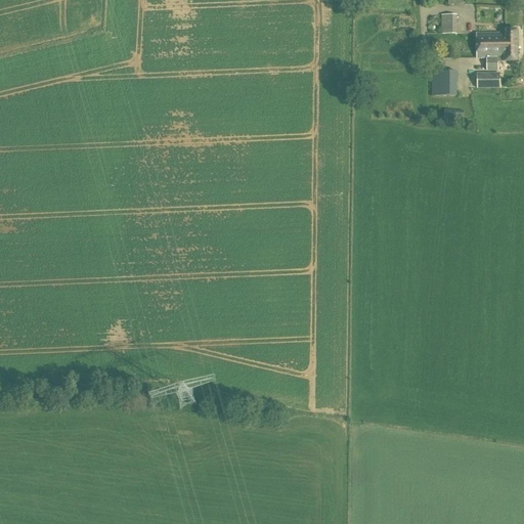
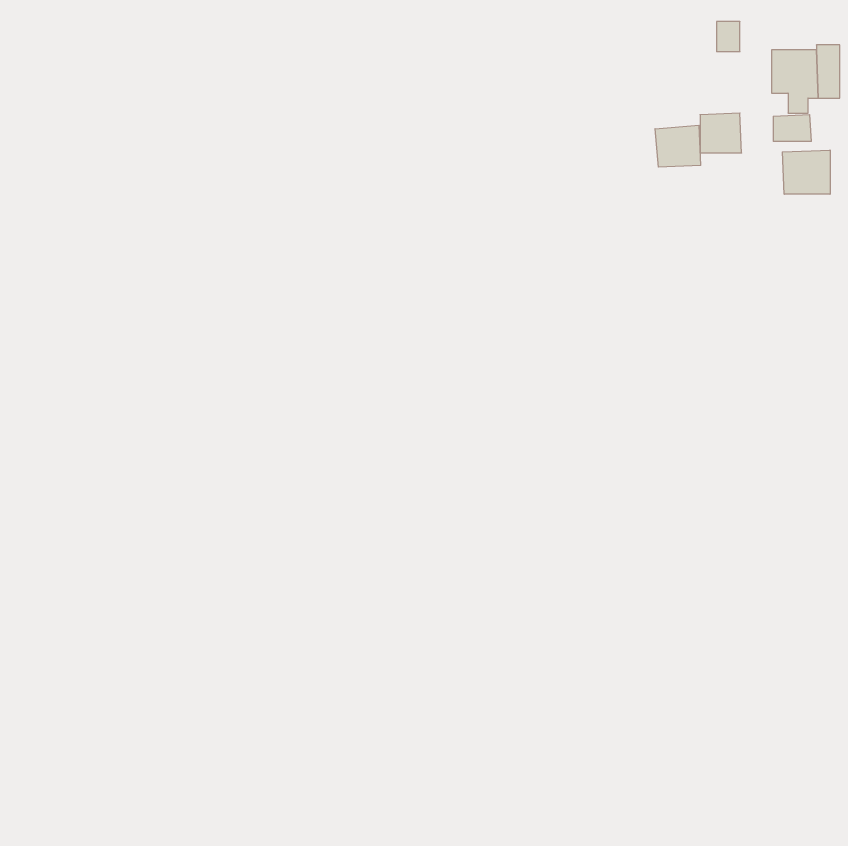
building: none -> [655,125,701,167]
building: none -> [782,150,830,194]

